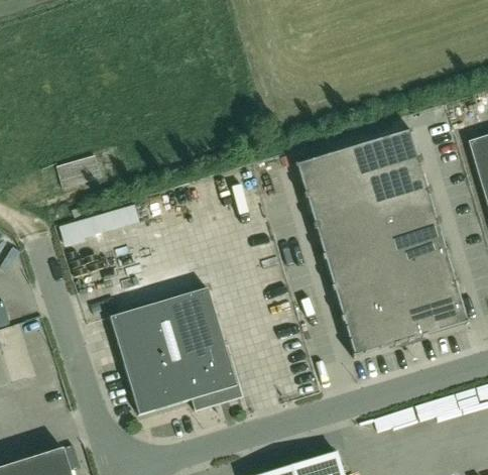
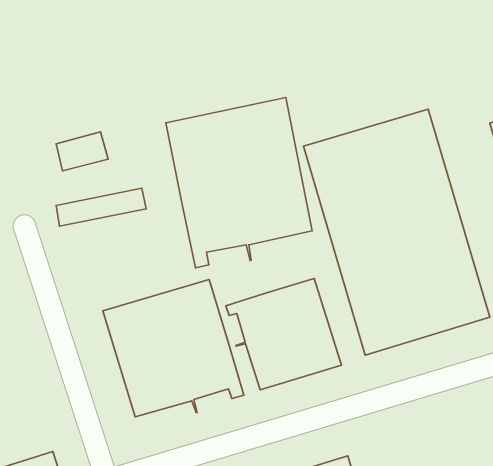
building: none -> [166,98,312,268]
building: none -> [226,278,342,390]

